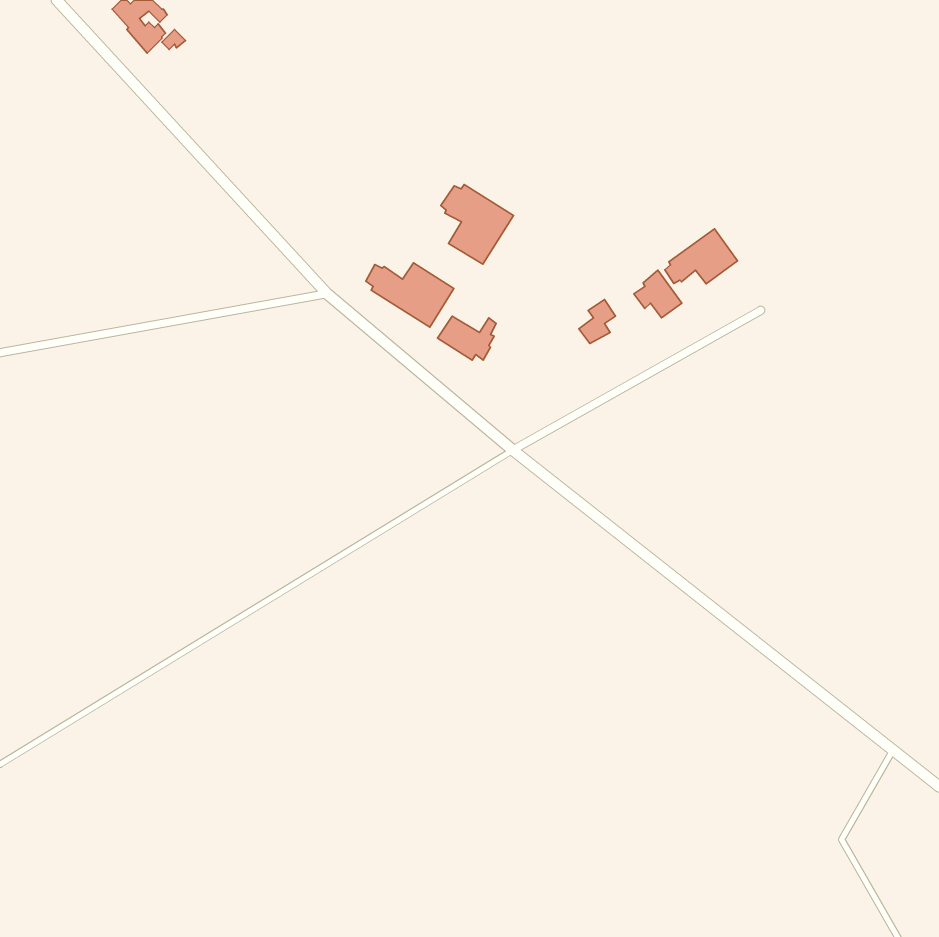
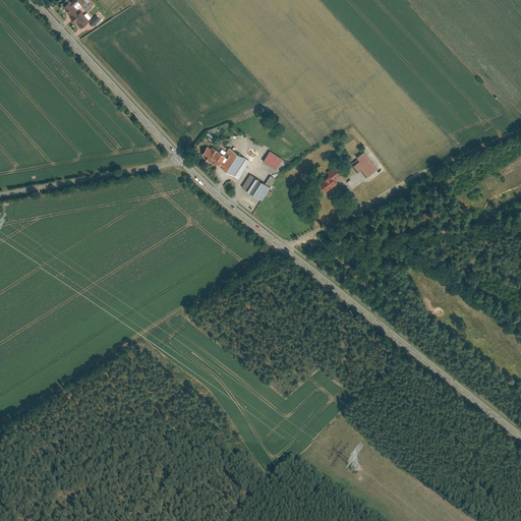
building: [441,185,513,264] -> none
building: [665,229,737,284] -> none

